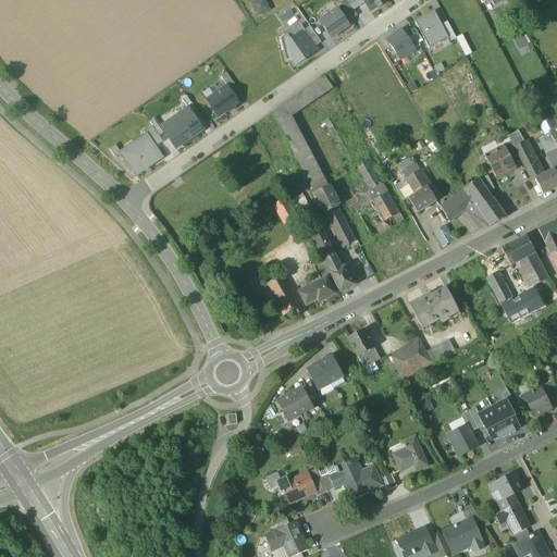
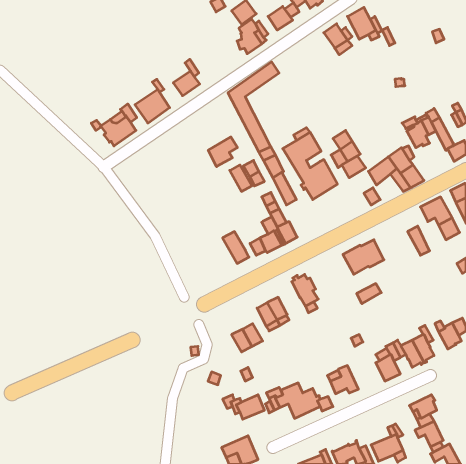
building: none -> [208,137,237,167]
building: [502,287,542,321] -> none
building: [391,337,431,376] -> none

